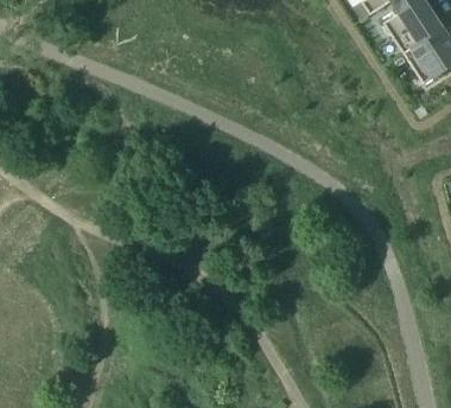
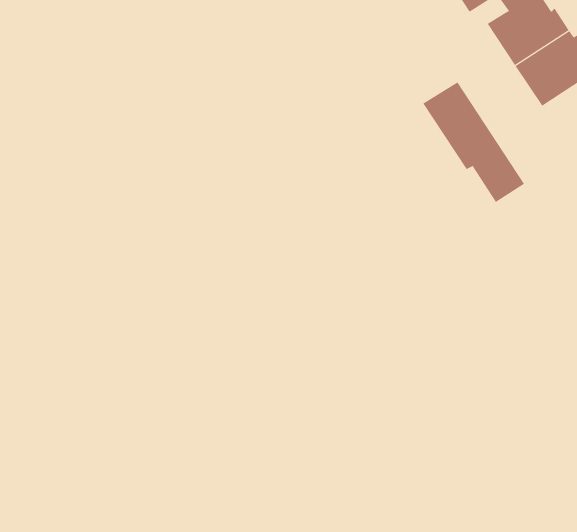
building: none -> [423,81,525,203]

